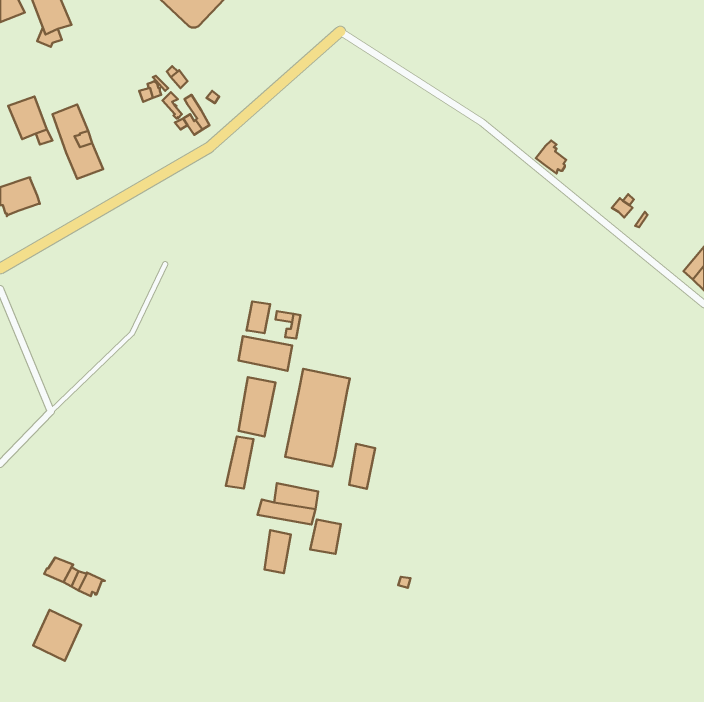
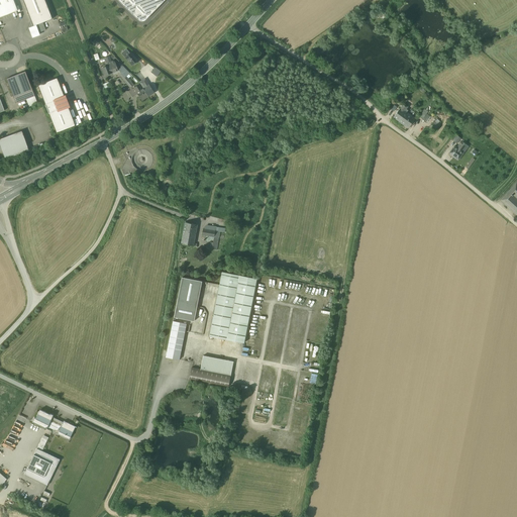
building: [239,336,292,371] -> none
building: [349,444,375,489] -> none
building: [310,520,341,554] -> none
building: [265,530,291,573] -> none

